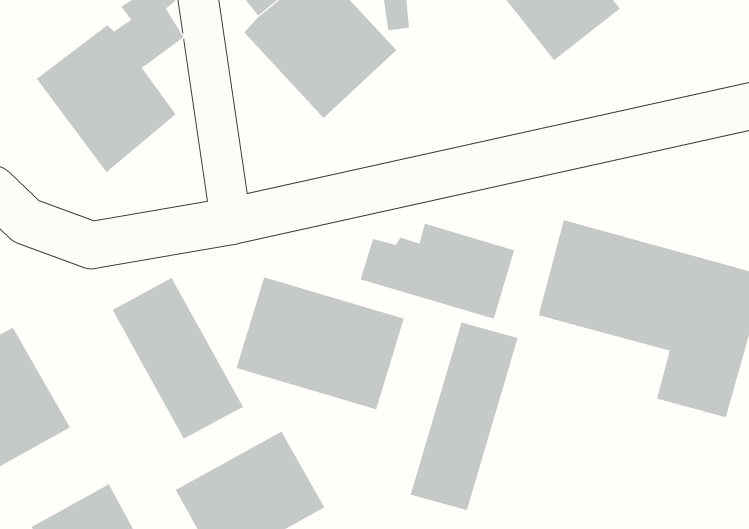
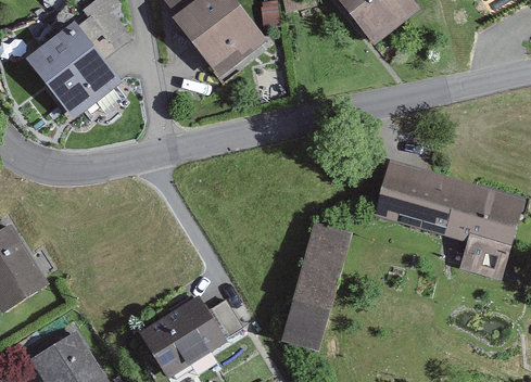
building: [360,223,515,319] -> none
building: [236,277,404,410] -> none
building: [112,277,244,439] -> none

